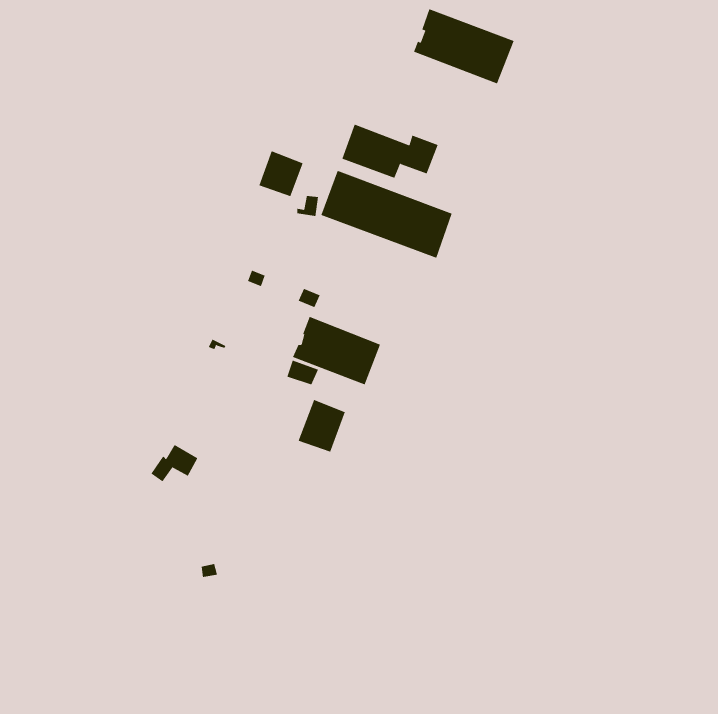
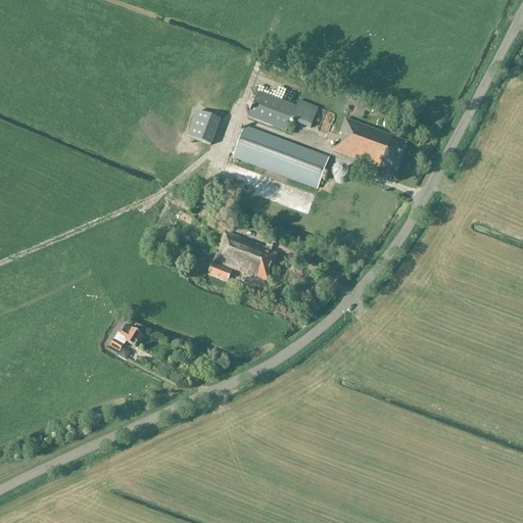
building: [413,8,514,84] -> [334,116,408,172]
building: [298,399,346,453] -> none

